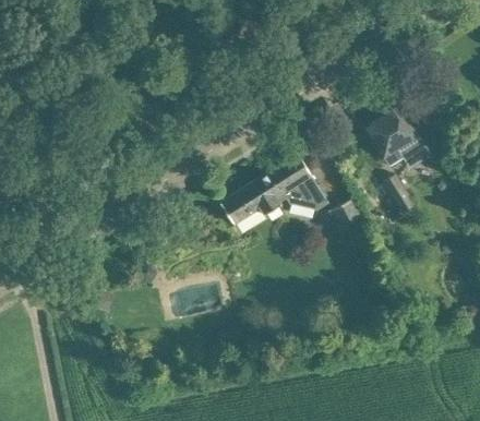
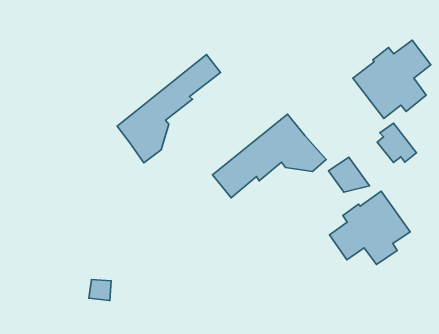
building: none -> [117,55,221,163]
building: none -> [330,191,410,264]

